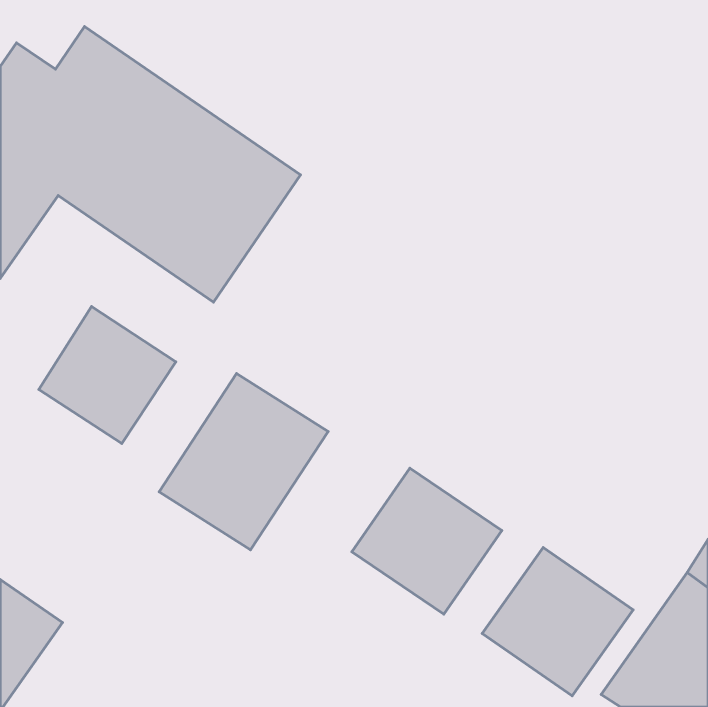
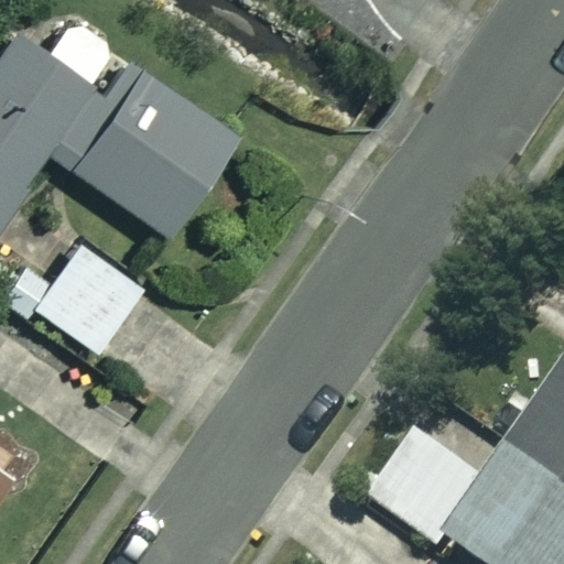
building: [159,374,328,550] -> none
building: [352,468,502,614] -> none

